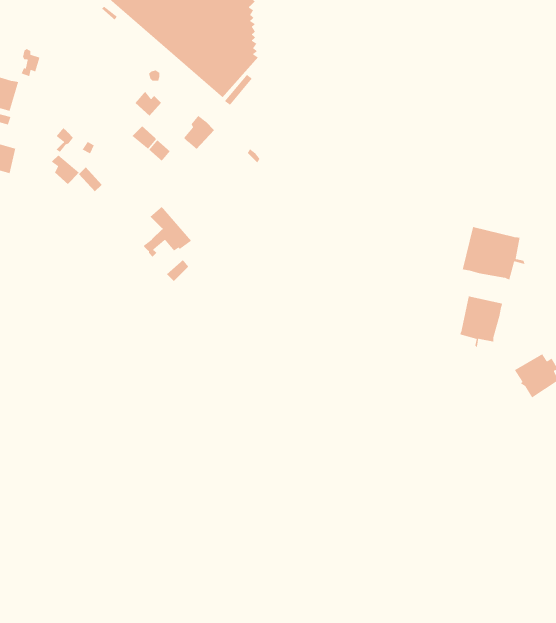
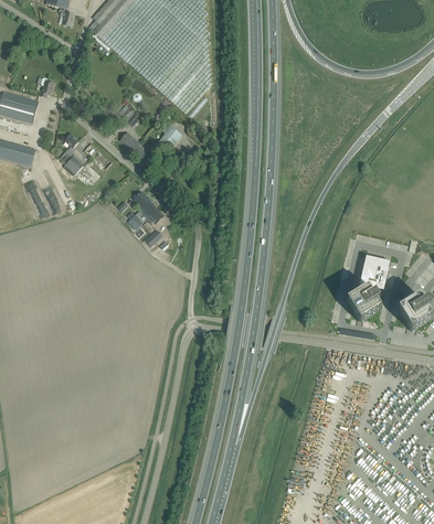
building: [462,226,526,281] -> none
building: none -> [348,287,381,321]

